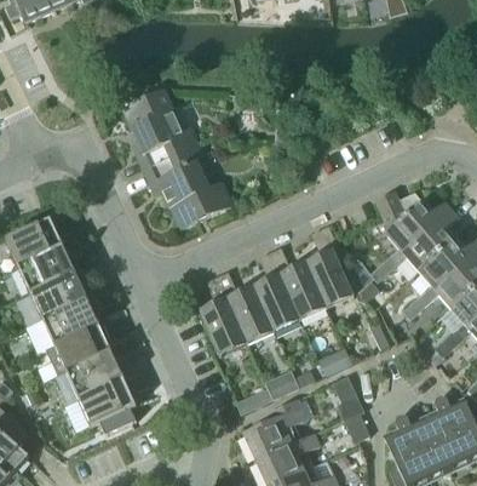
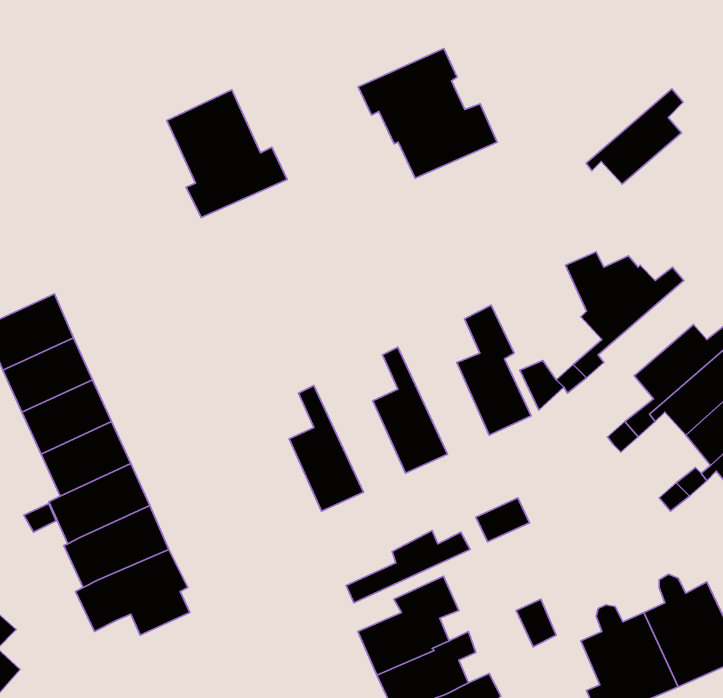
building: [144,145,232,228] -> [358,49,497,178]
building: [396,210,458,270] -> [586,89,683,184]
building: [269,247,327,320] -> none
building: [215,271,274,344] -> none
building: [332,376,363,419] -> none

